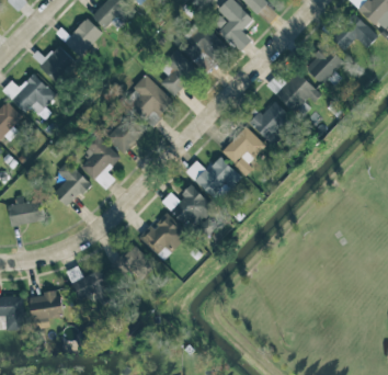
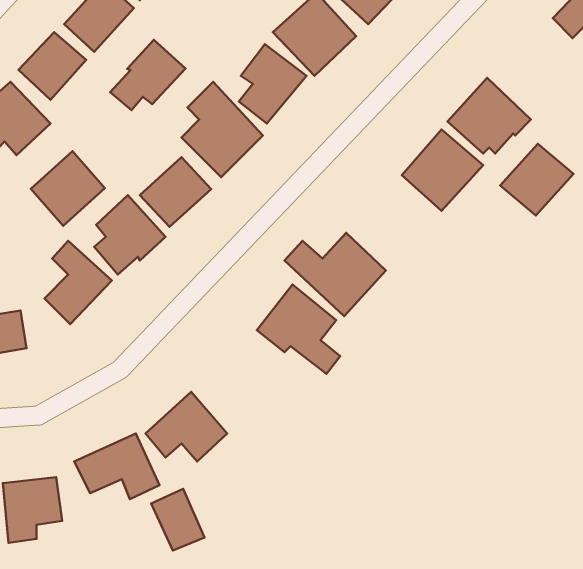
building: [304,45,344,84] -> [500,144,574,215]
building: none -> [110,40,185,110]
building: none -> [31,151,105,226]
building: [220,126,266,172] -> none
building: [140,212,187,258] -> none
building: none -> [151,489,205,550]

